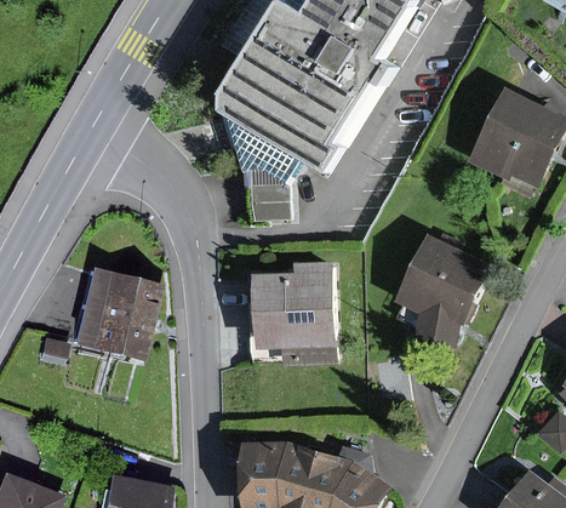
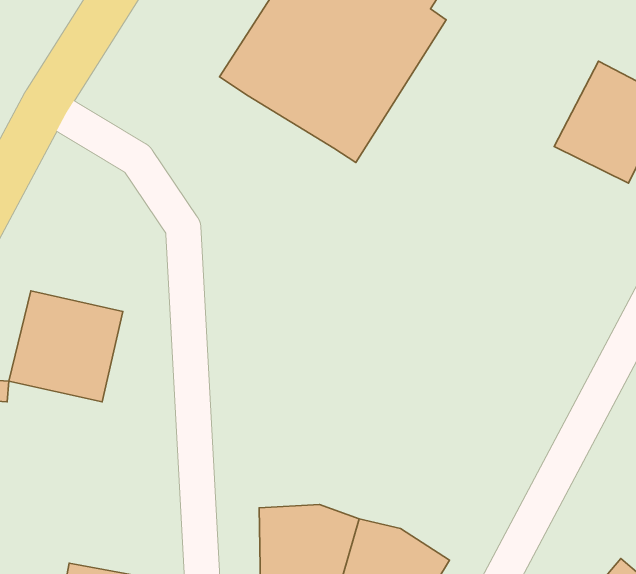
building: [239,124,304,213] -> none
building: [404,230,492,337] -> none
building: [248,267,337,358] -> none

